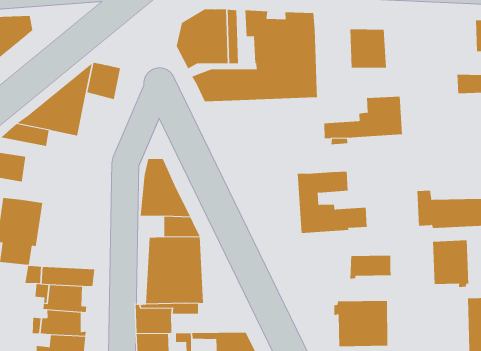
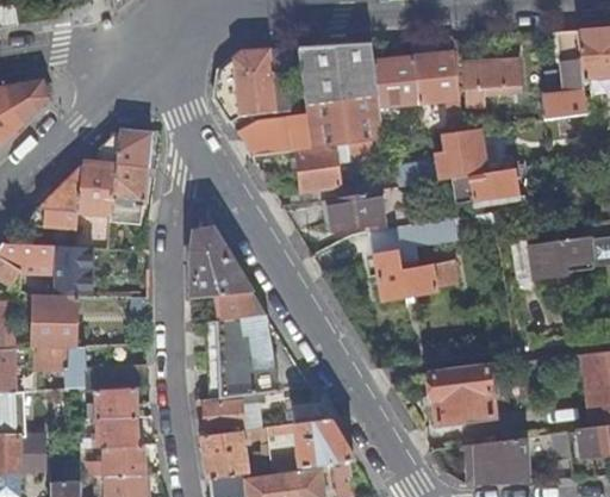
building: none -> [374,57,419,107]
building: none -> [463,60,523,107]
building: none -> [111,162,158,224]
building: none -> [297,142,374,192]
building: none -> [452,164,540,204]
building: none -> [328,191,382,230]
building: none -> [55,243,94,294]
building: [433,239,469,288] -> none
building: [350,255,392,280] -> none

